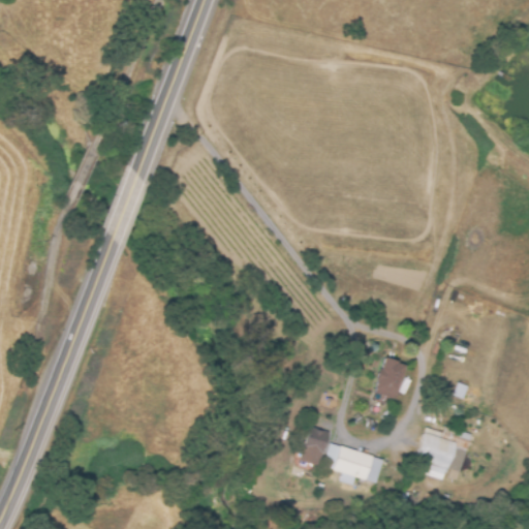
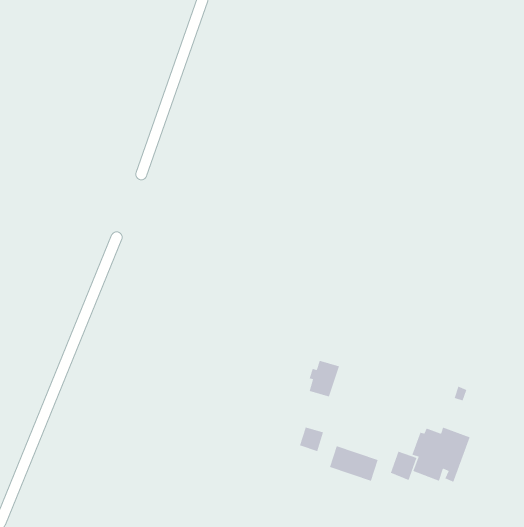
building: [374,361,405,398] -> [309,360,340,397]
building: none -> [390,451,417,481]

